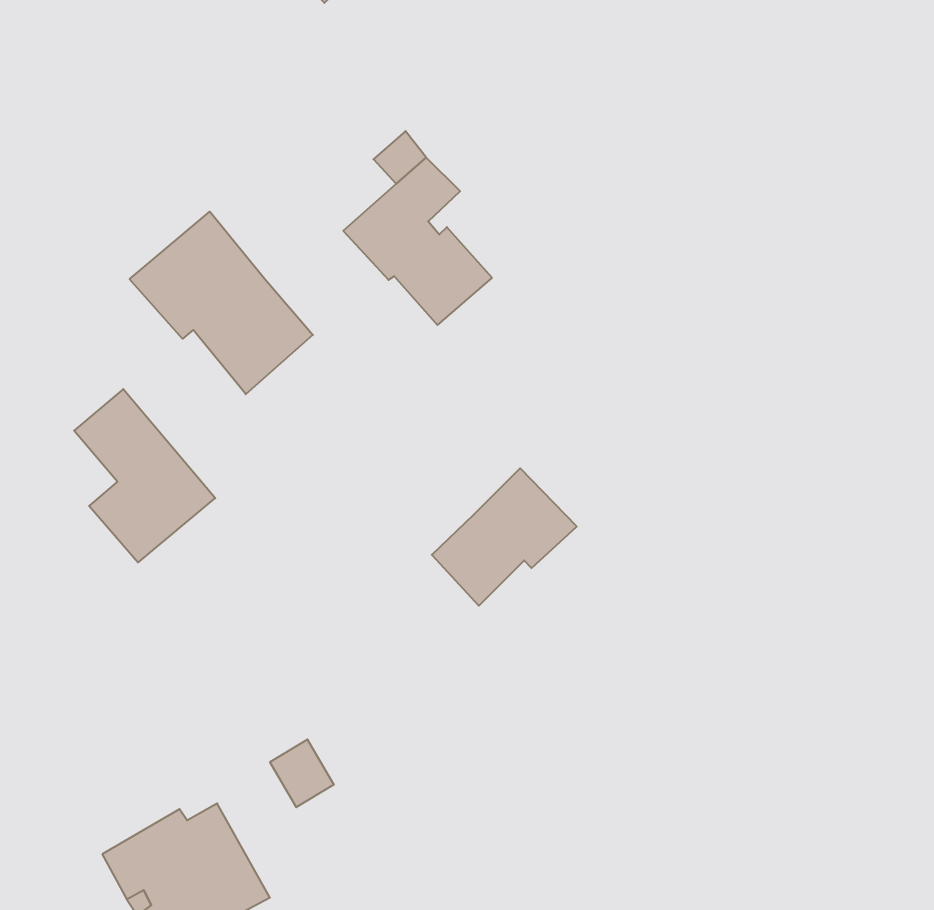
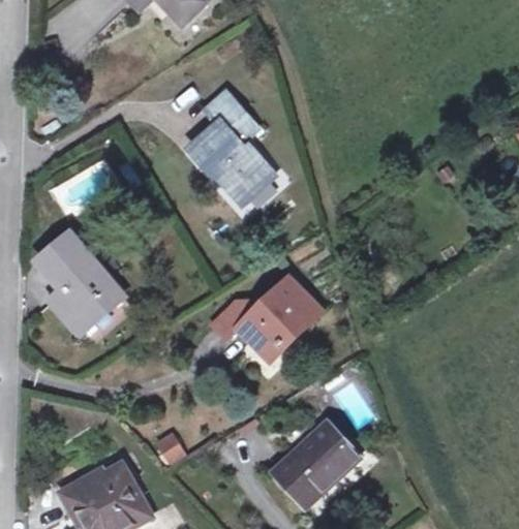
building: [130,212,313,394] -> none
building: none -> [215,302,264,339]
building: none -> [272,424,358,506]

